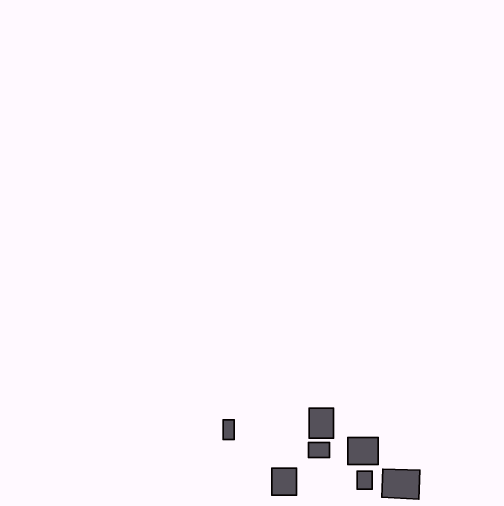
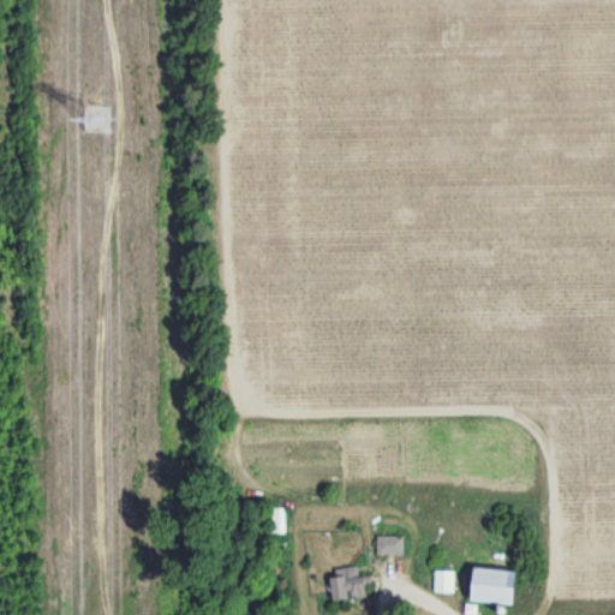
building: [309,408,333,438] -> none
building: [348,437,378,465] -> none

